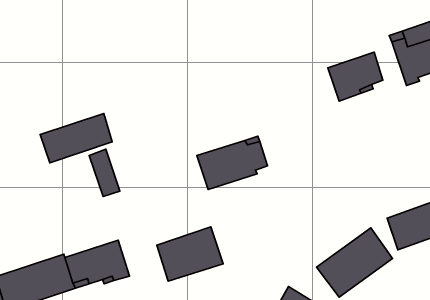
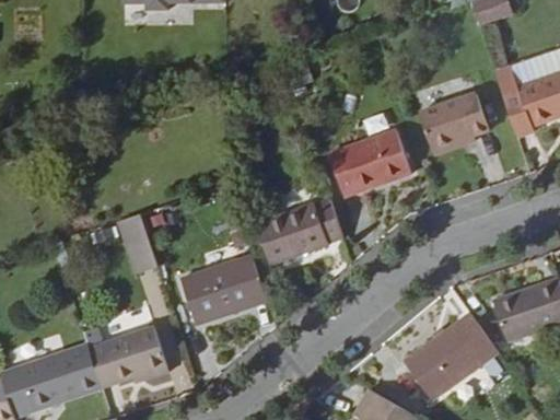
building: none -> [330,130,411,196]
building: [40,113,112,163] -> none
building: [157,227,223,281] -> [183,256,266,324]

